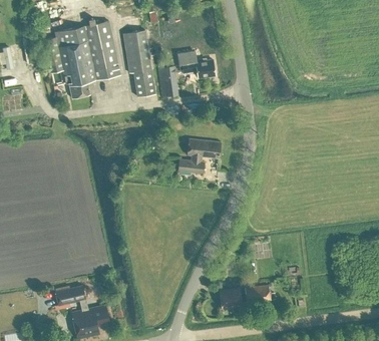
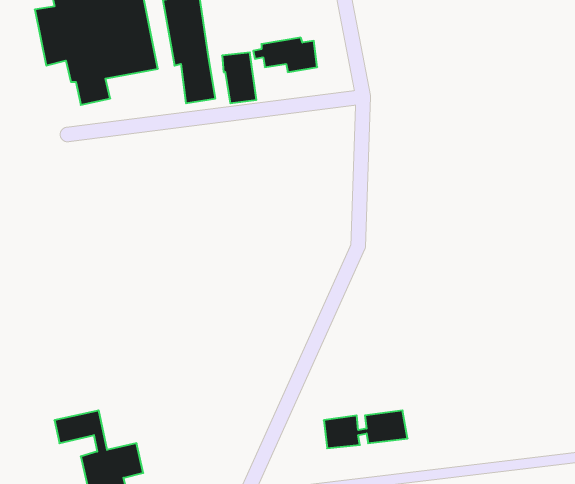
building: [177,137,221,173] -> none

